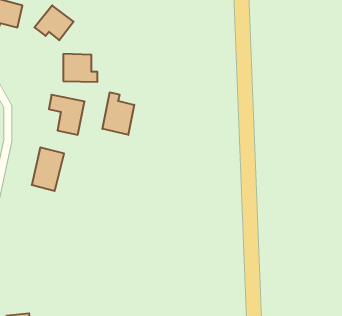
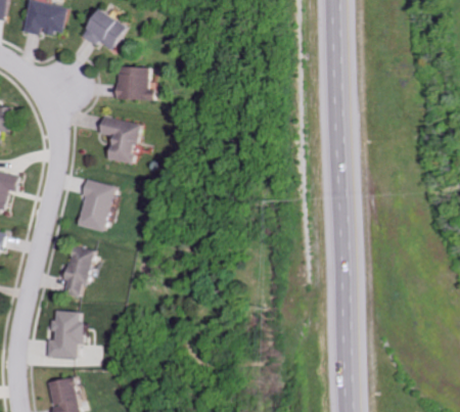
building: [102,92,134,135] -> none
building: none -> [63,246,94,296]
building: none -> [47,311,87,358]

